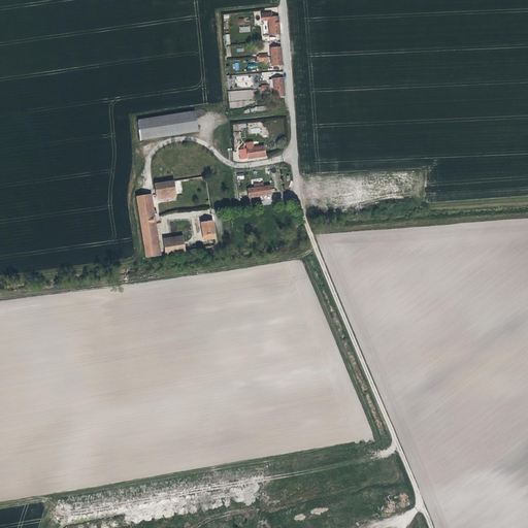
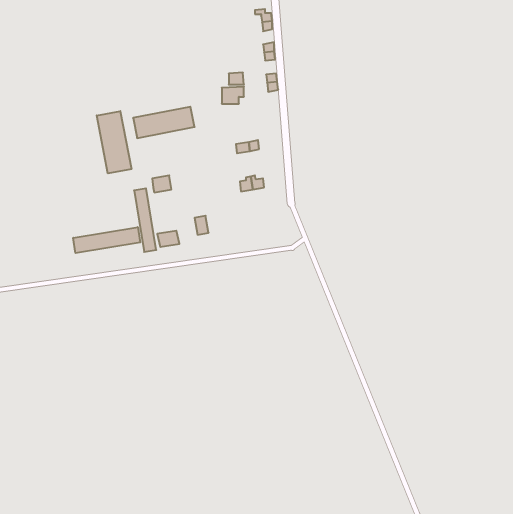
building: none -> [97,111,131,173]
building: none -> [73,227,140,253]

